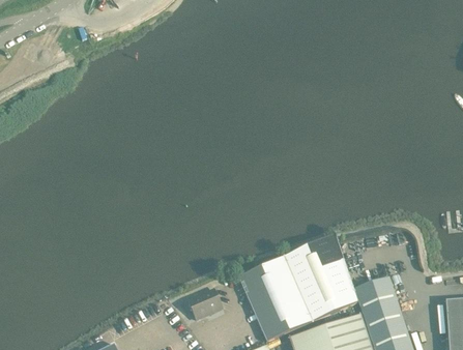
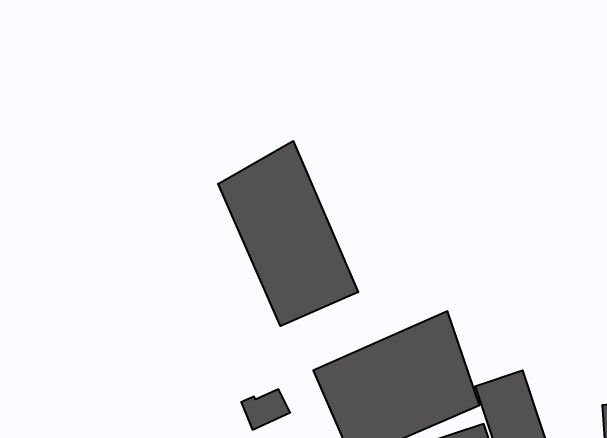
building: none -> [218,141,358,326]

